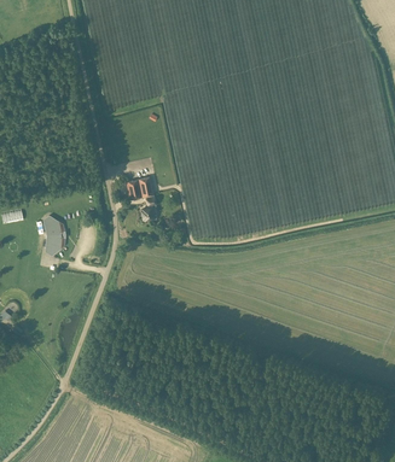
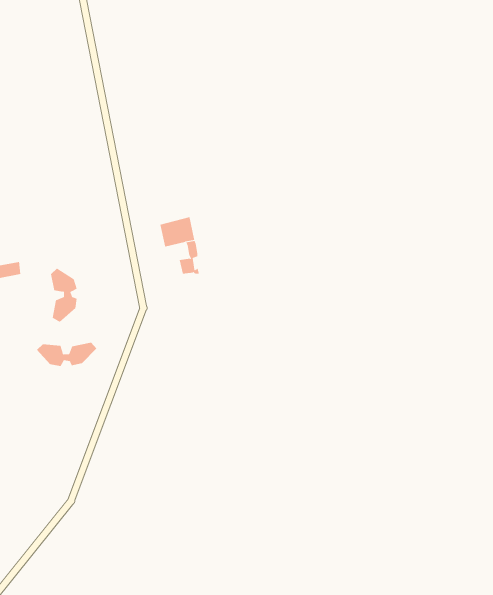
building: none -> [36,342,97,367]

